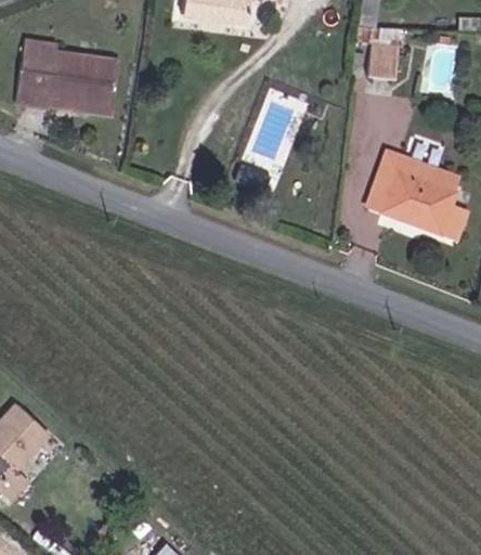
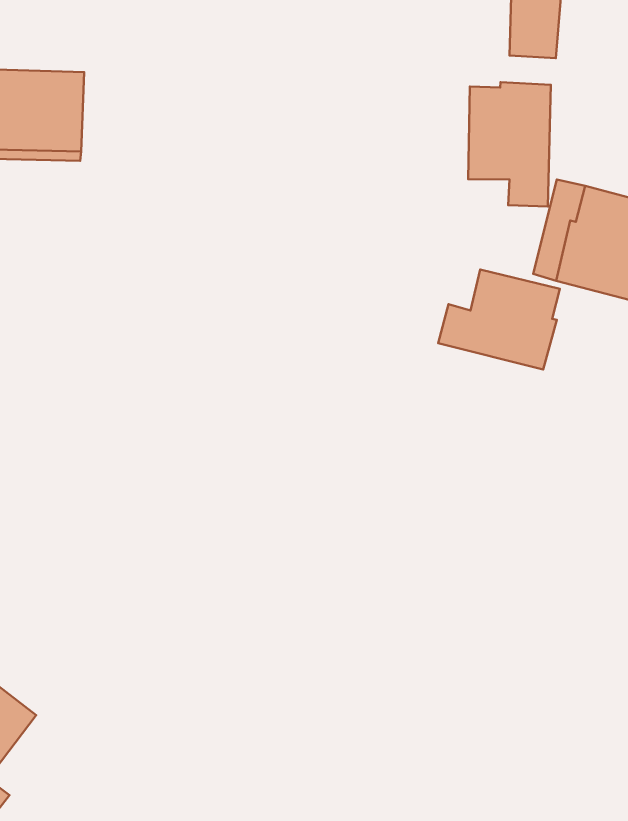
building: none -> [468,82,551,207]
building: none -> [438,269,560,370]

